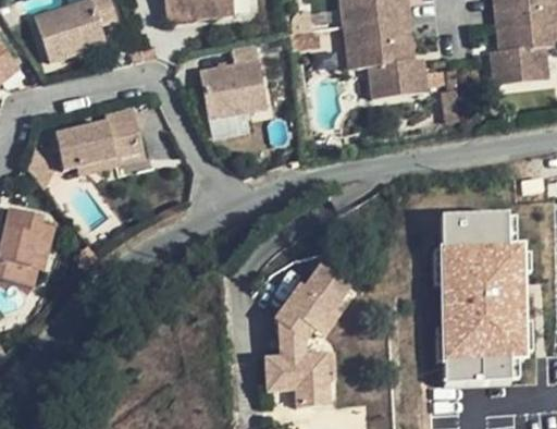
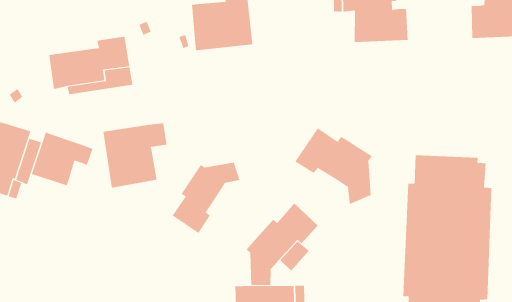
building: none -> [294,128,373,205]
building: none -> [103,122,167,188]
building: none -> [31,132,93,186]
building: none -> [172,162,240,234]

